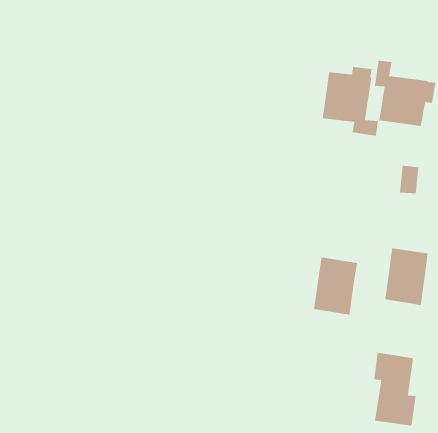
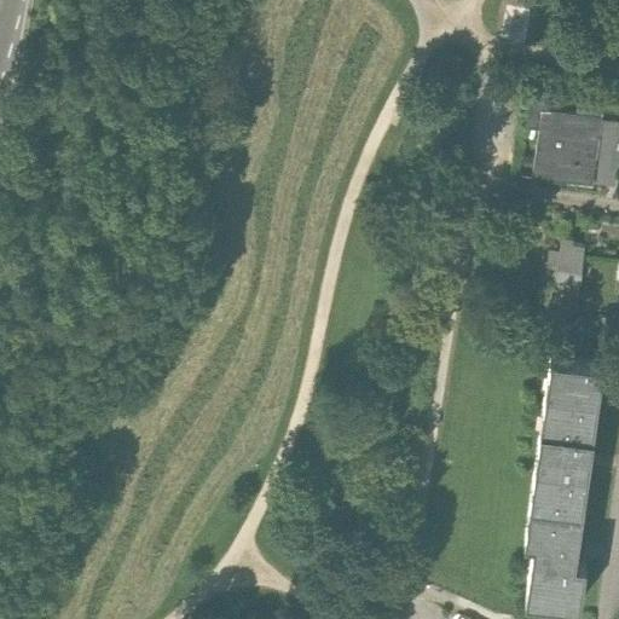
building: [322,66,379,136] -> none
building: [313,257,358,315] -> [532,430,595,513]

